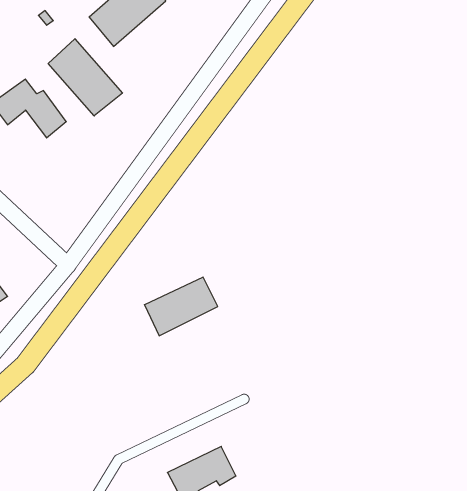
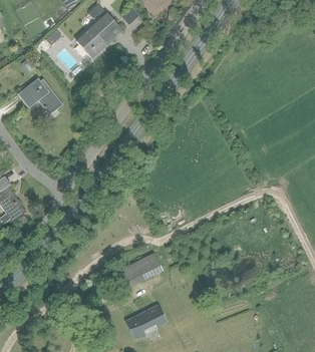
building: [48,39,122,116] -> none
building: [144,277,218,336] -> [117,253,163,289]

